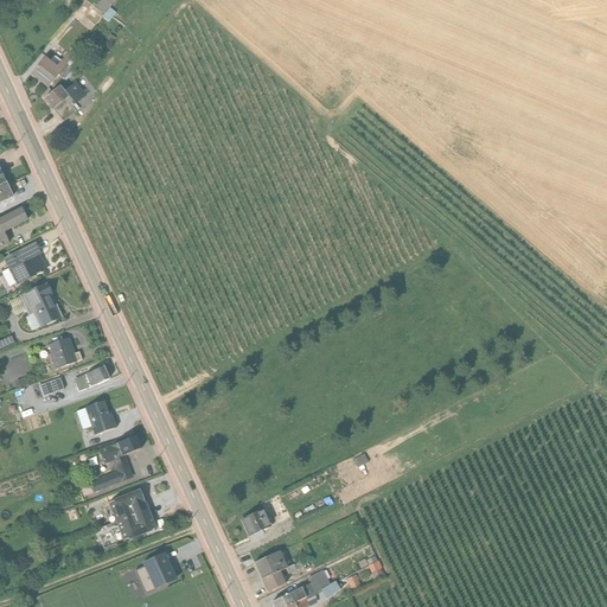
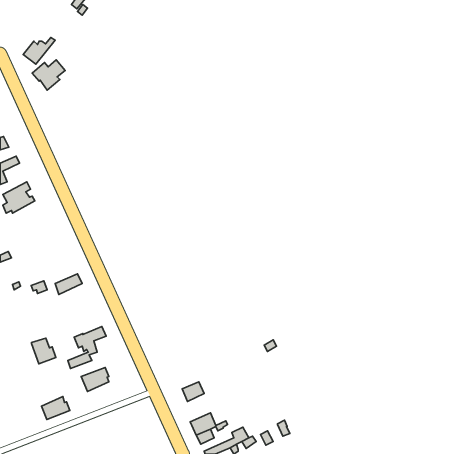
building: [21,282,59,328] -> none
building: [49,336,83,368] -> none
building: [85,400,117,434] -> [32,338,56,364]
building: [117,507,155,538] -> [41,396,70,420]
building: [135,551,177,592] -> none

